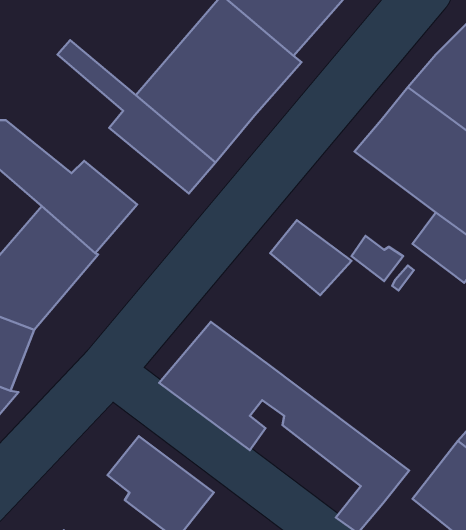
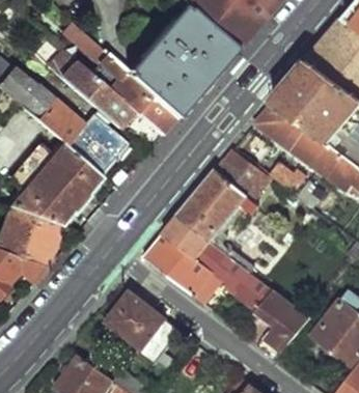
building: none -> [61,52,133,127]
building: none -> [255,106,327,167]
building: none -> [177,173,253,248]

